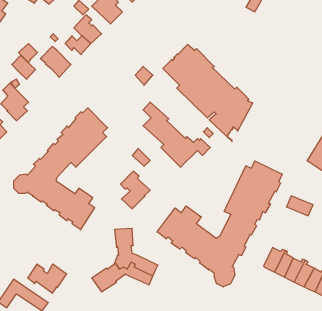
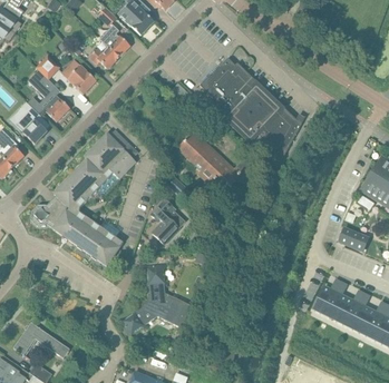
building: none -> [42,86,70,121]
building: [157,161,282,287] -> none
building: [28,264,66,293] -> none

